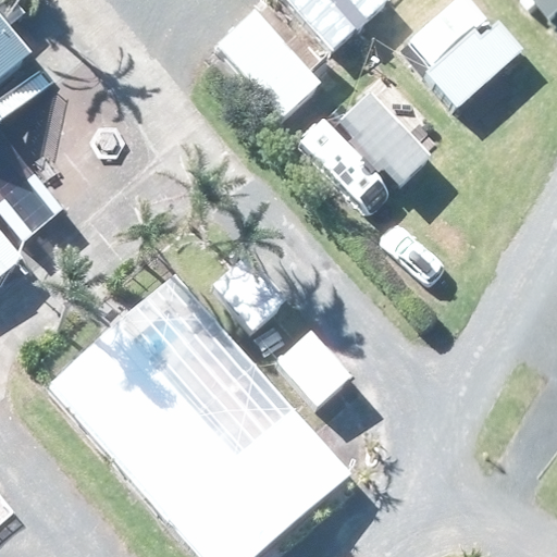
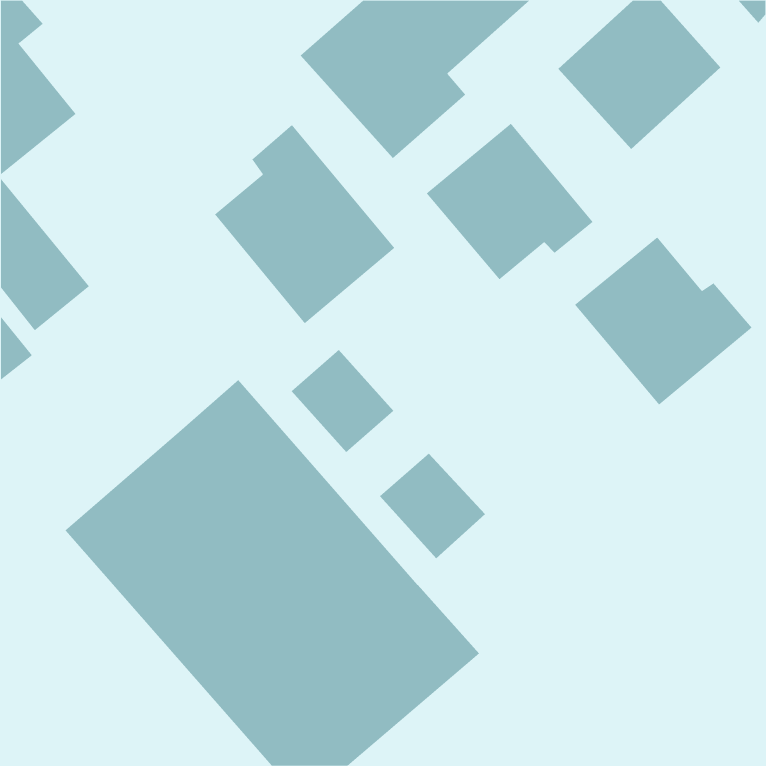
building: none -> [214,124,395,324]
building: none -> [574,237,752,405]

